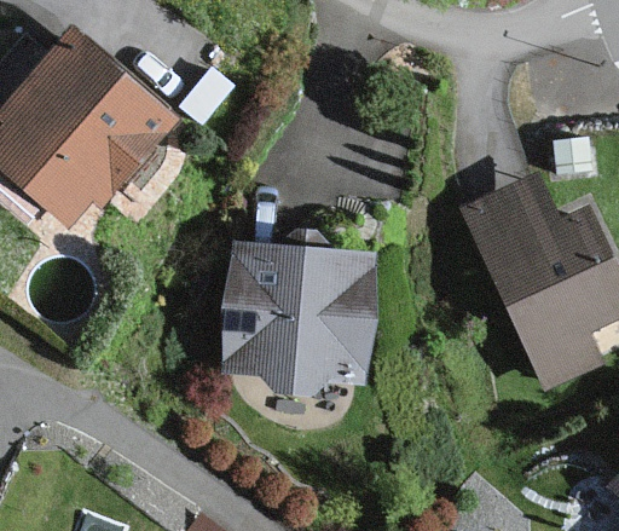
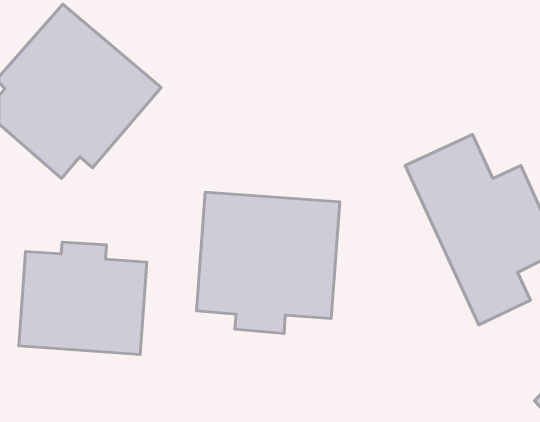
building: none -> [19,242,147,355]

